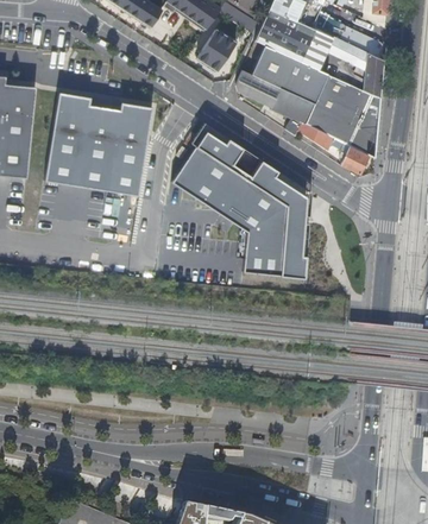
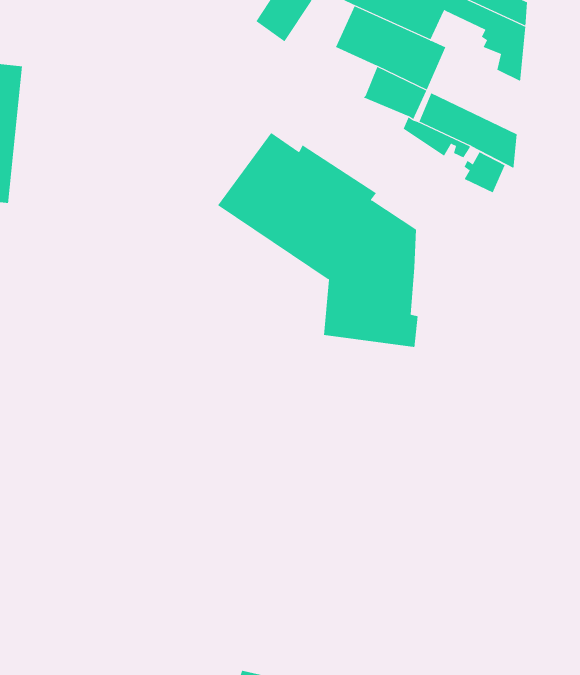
building: [235,69,281,107] -> none
building: [315,74,379,133] -> none
building: [42,90,147,191] -> none

